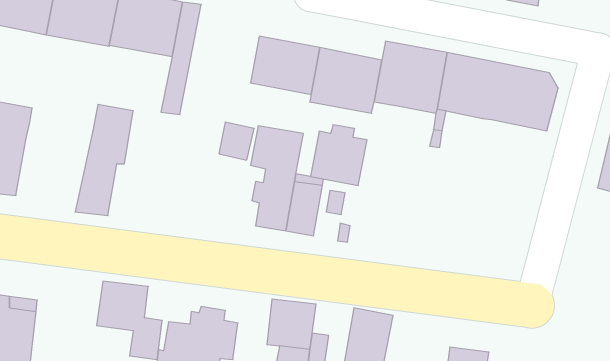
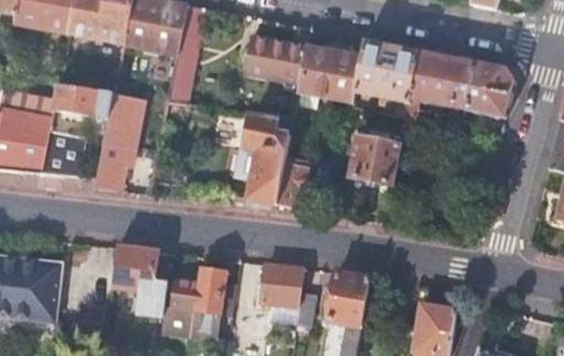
building: none -> [53,84,112,117]
building: [310,125,367,185] -> [350,130,400,183]
building: none -> [41,125,86,176]

